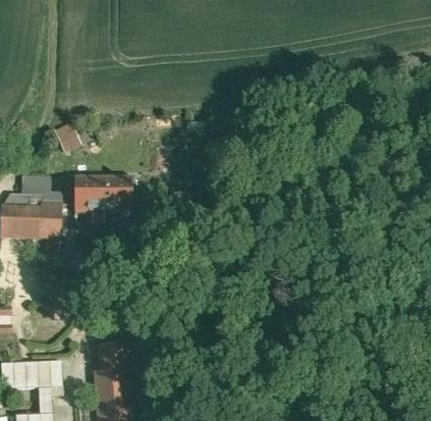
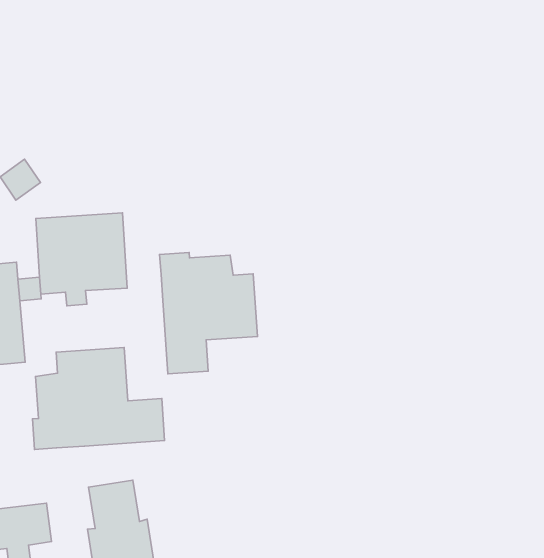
building: none -> [160,252,258,374]
building: none -> [33,348,165,449]

